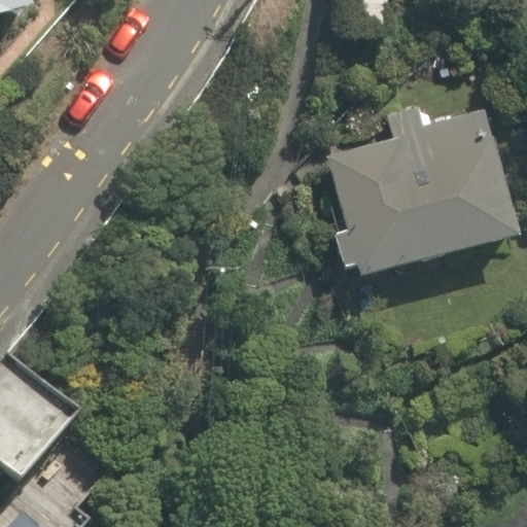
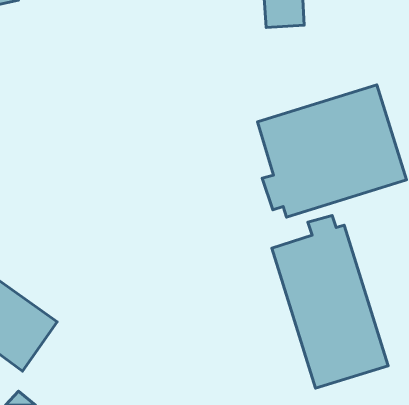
building: none -> [272,215,388,388]

